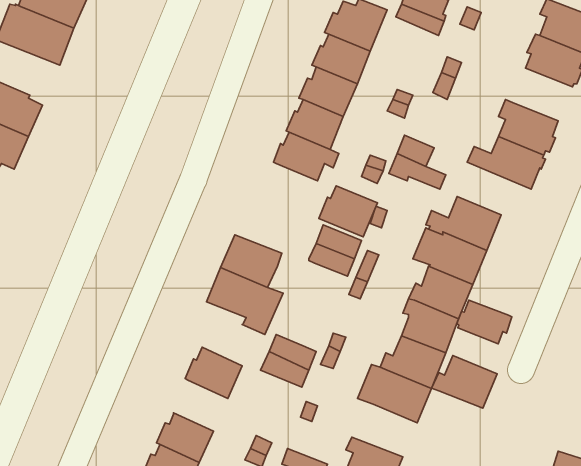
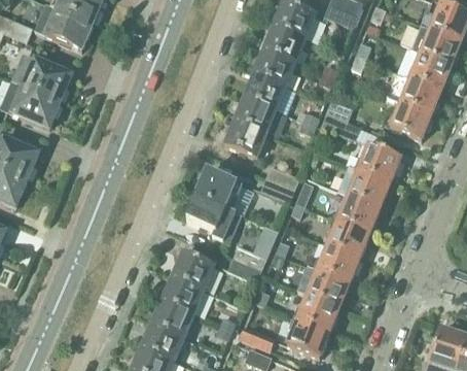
building: none -> [408,50,453,89]
building: [319,186,377,237] -> [225,120,267,157]
building: [457,300,512,344] -> none
building: [432,355,497,408] -> [292,294,339,332]
building: none -> [161,276,203,313]

